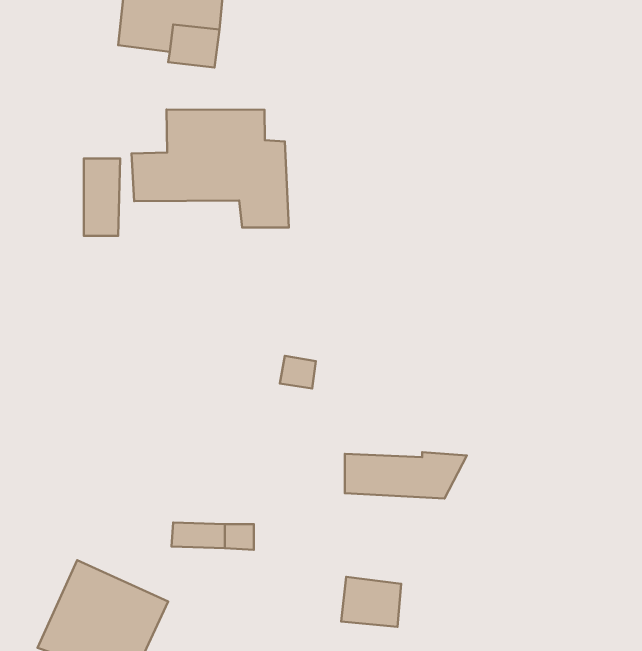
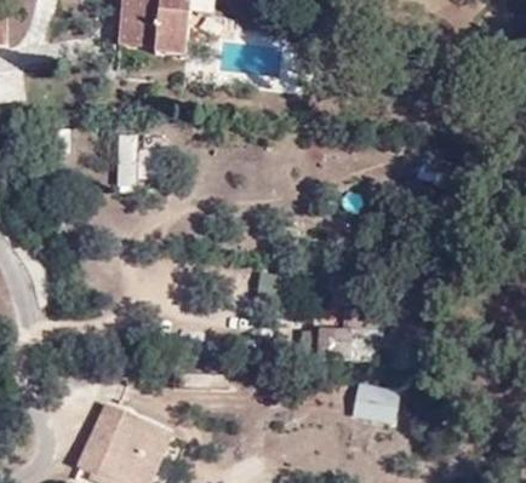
building: [132,110,289,228] -> none
building: [341,577,401,627] -> [348,389,390,424]

